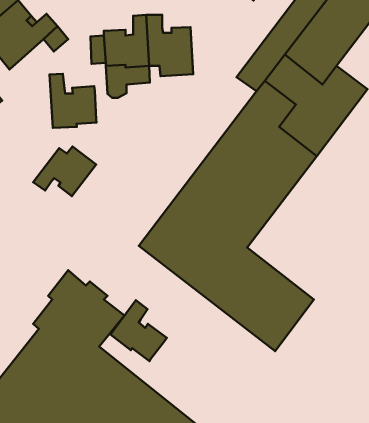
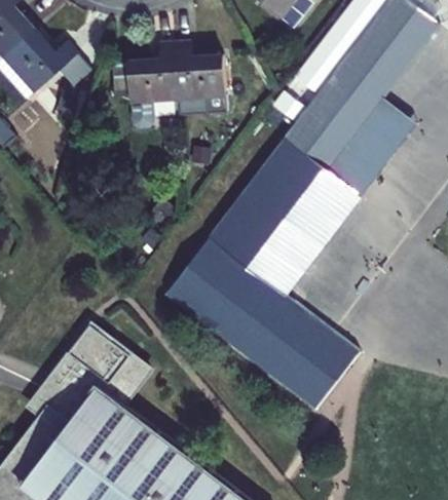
building: [49,74,96,128] -> none
building: [33,147,96,196] -> none
building: [110,300,167,361] -> none

